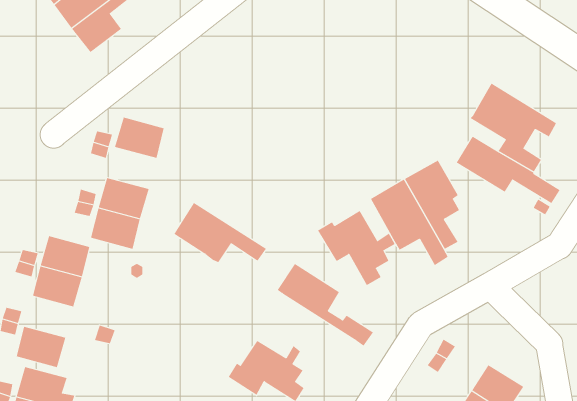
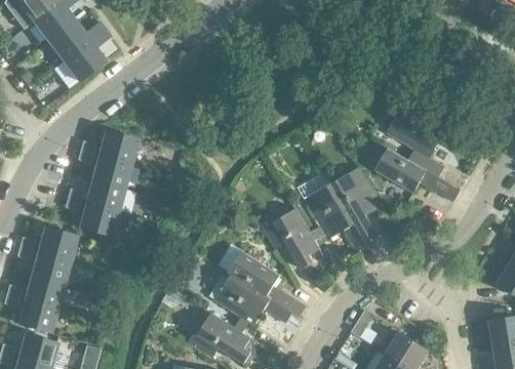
building: none -> [90,156,131,190]
building: [173,202,267,263] -> [216,275,292,324]
building: none -> [23,277,64,311]

